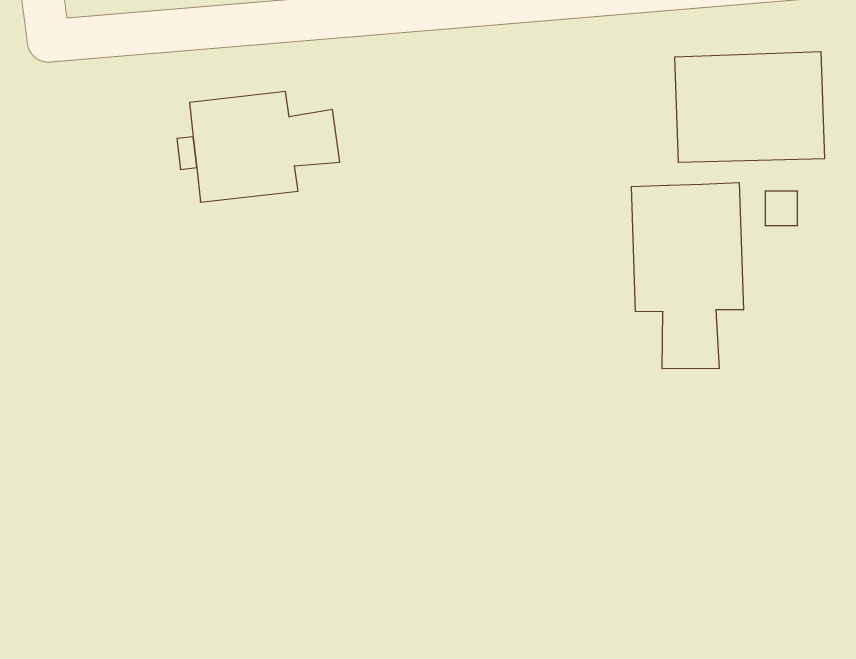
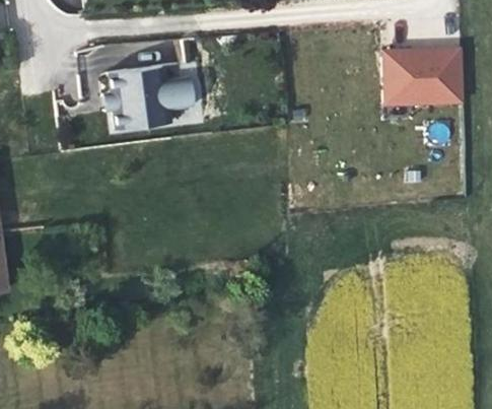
building: [631,183,743,369] -> none

